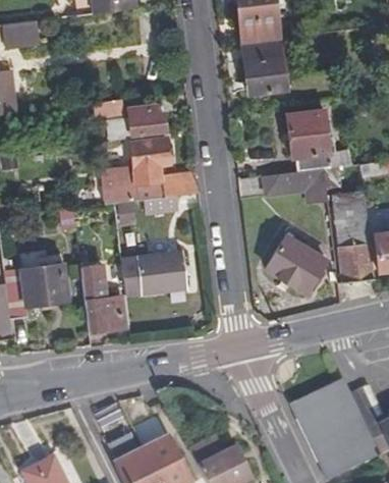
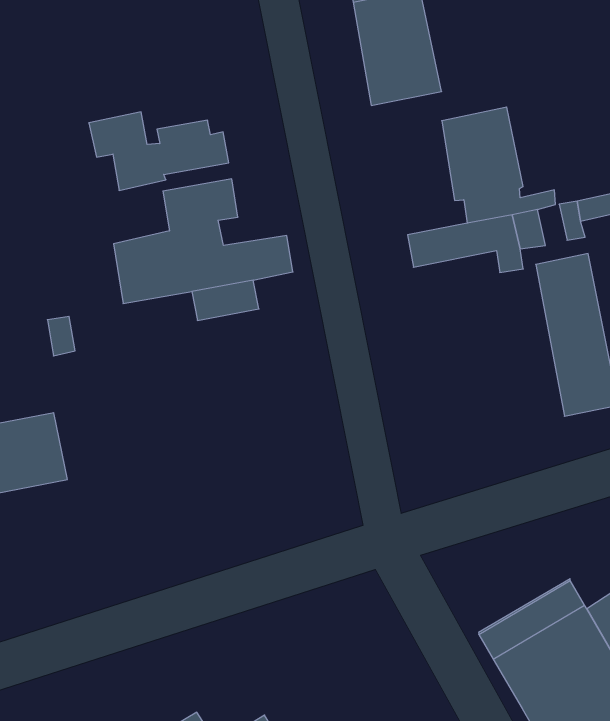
building: [266,235,326,293] -> none
building: [121,252,188,294] -> none
building: [79,265,124,330] -> none

